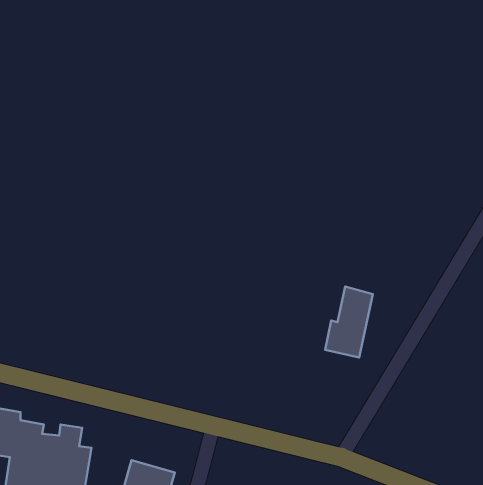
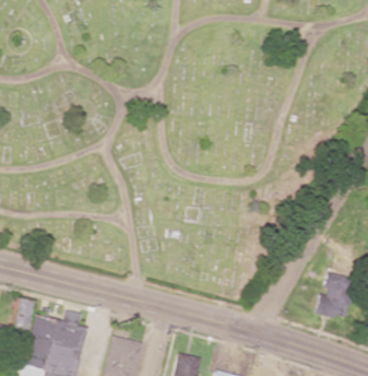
building: [325,287,373,358] -> [313,269,347,319]

